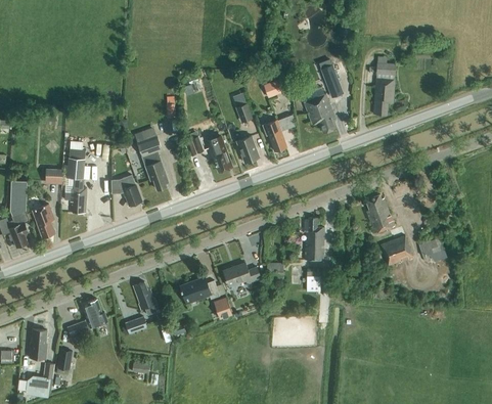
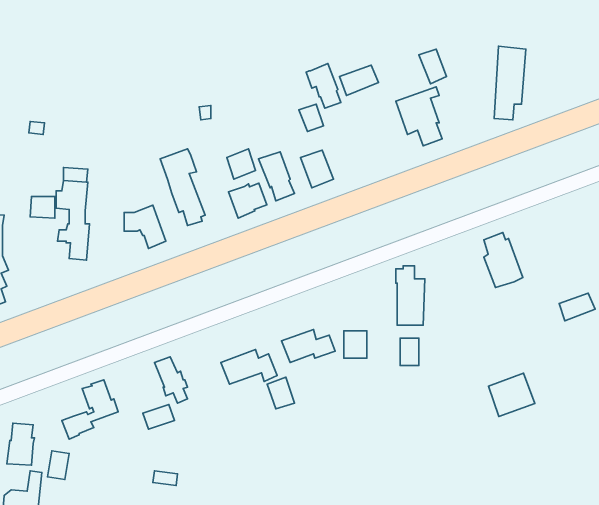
building: [262,119,286,150] -> [306,63,341,108]
building: none -> [229,183,267,218]
building: [33,205,54,237] -> none
building: [381,235,413,266] -> [489,373,535,416]

